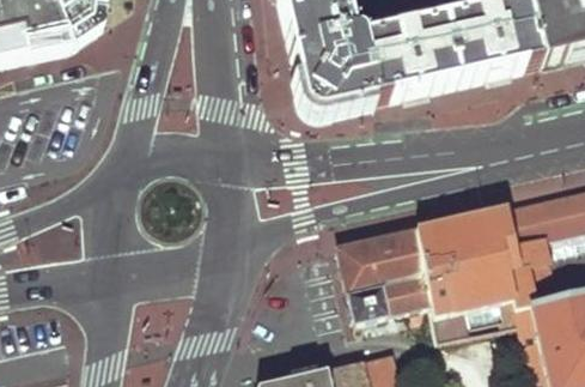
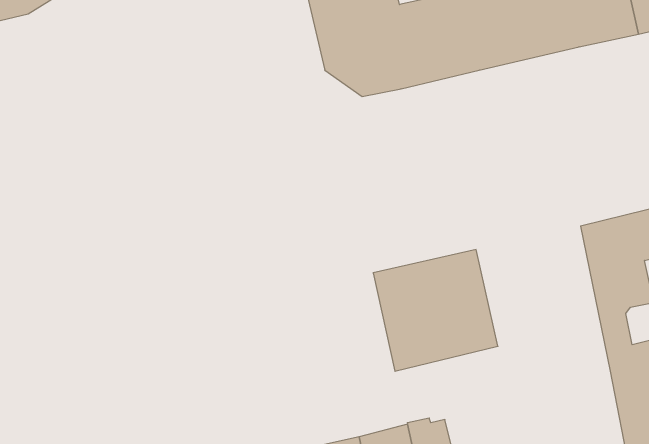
building: [418,208,520,337] -> none

